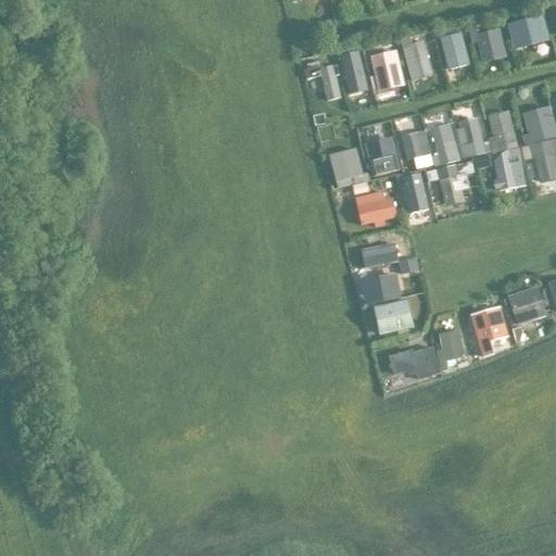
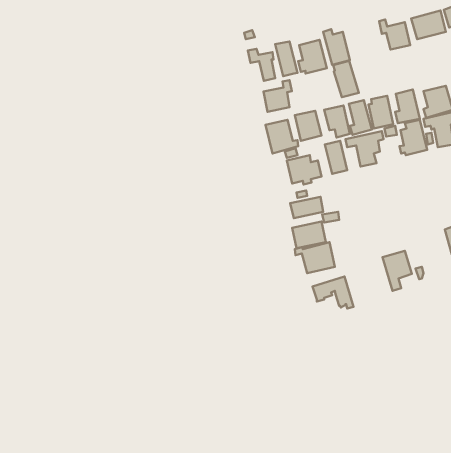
building: [438,24,469,68] -> [333,61,359,97]
building: none -> [263,80,292,112]
building: [507,286,546,325] -> none
building: [437,328,465,370] -> none

